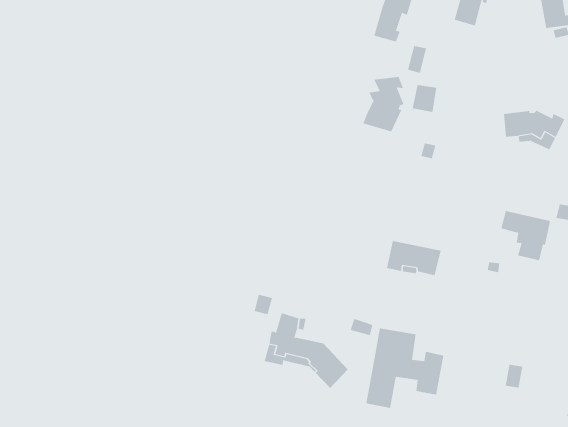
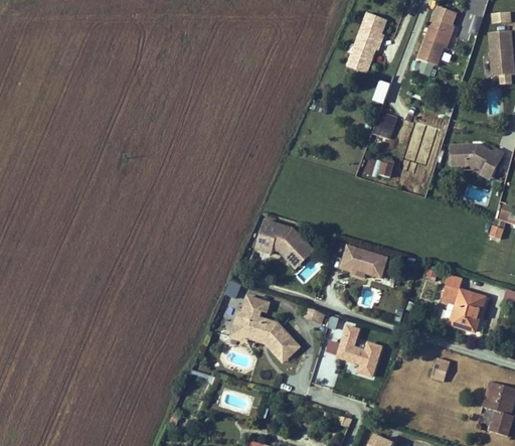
building: [362,76,404,132] -> none
building: [501,211,551,261] -> [442,285,485,330]
building: none -> [255,219,316,270]

